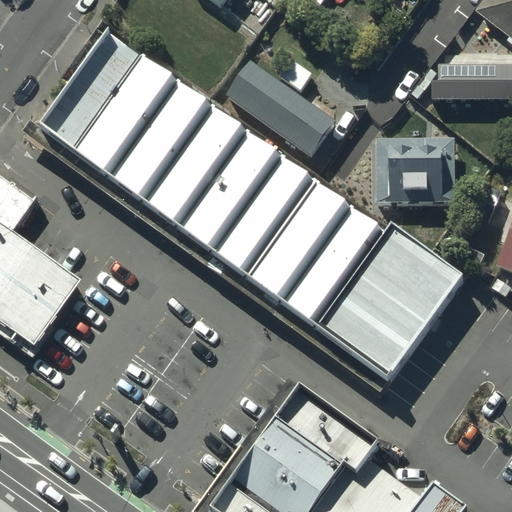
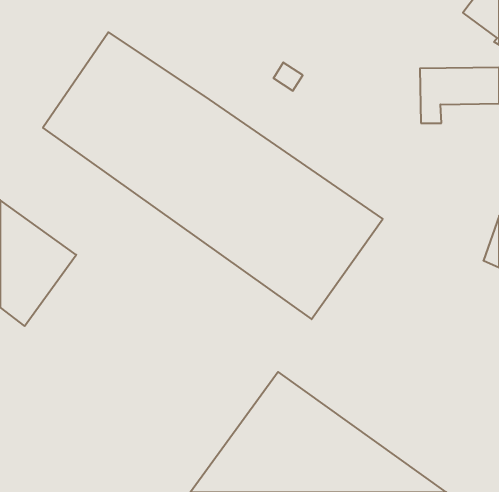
building: [225,65,335,158] -> none
building: [374,140,455,207] -> none
building: [319,224,464,378] -> none

